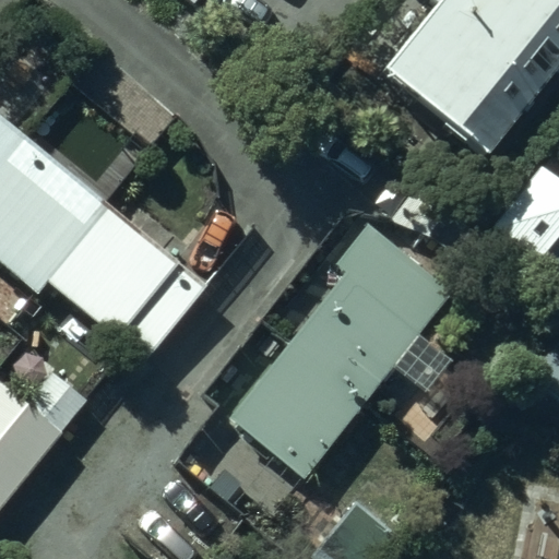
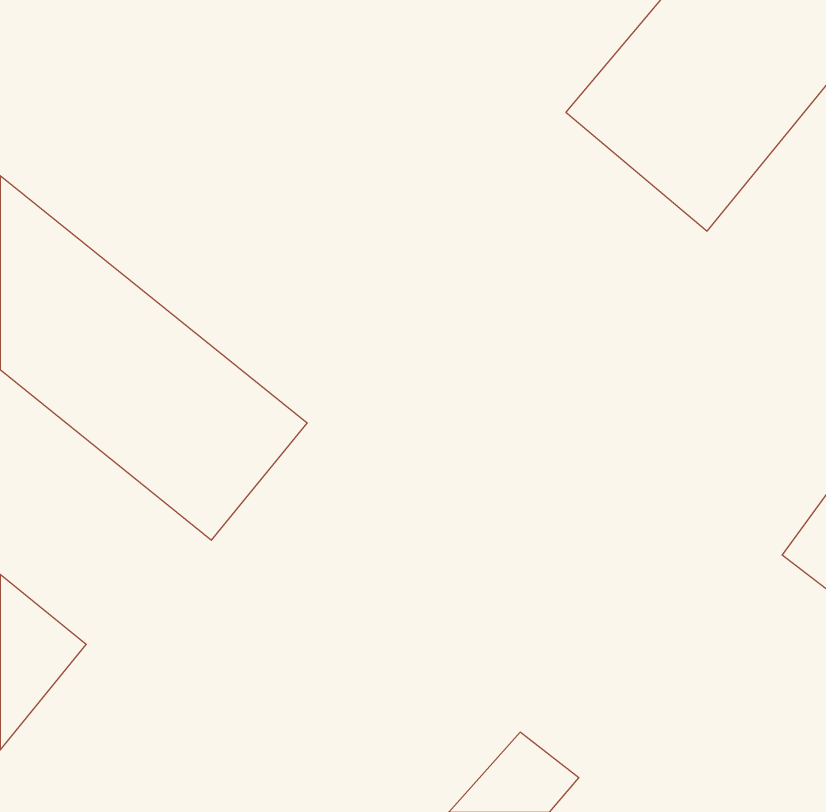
building: [231,231,448,475] -> none

